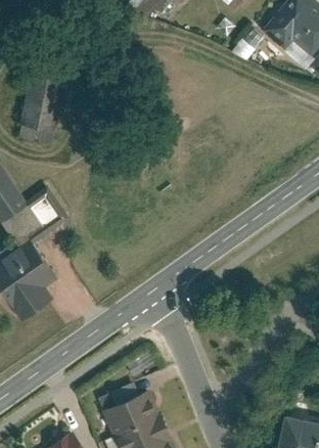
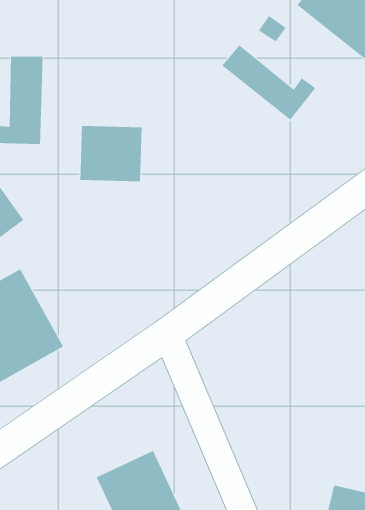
building: none -> [221,45,316,121]
building: none -> [80,125,142,182]

